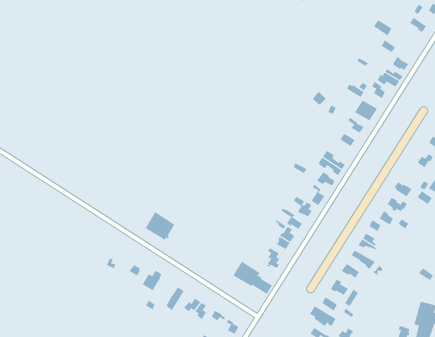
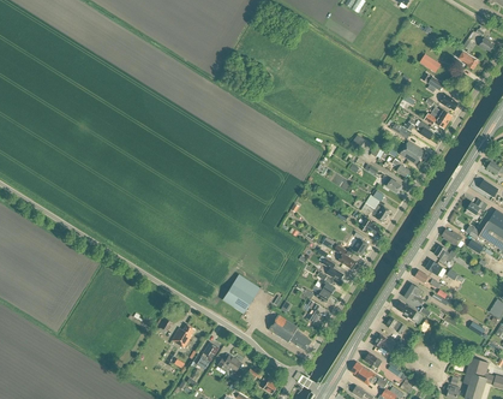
building: [145,211,175,240] -> [222,281,255,312]

